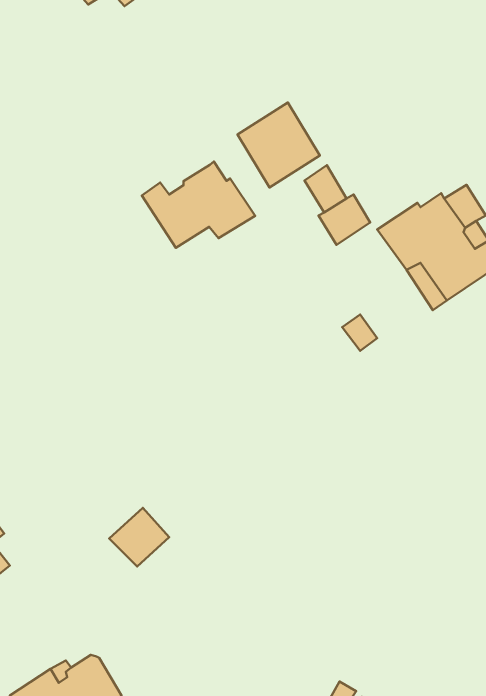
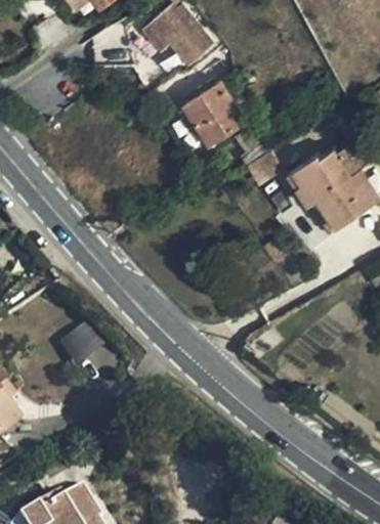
building: none -> [136,10,208,72]
building: [142,161,255,248] -> none
building: [109,508,169,566] -> [56,322,100,365]

